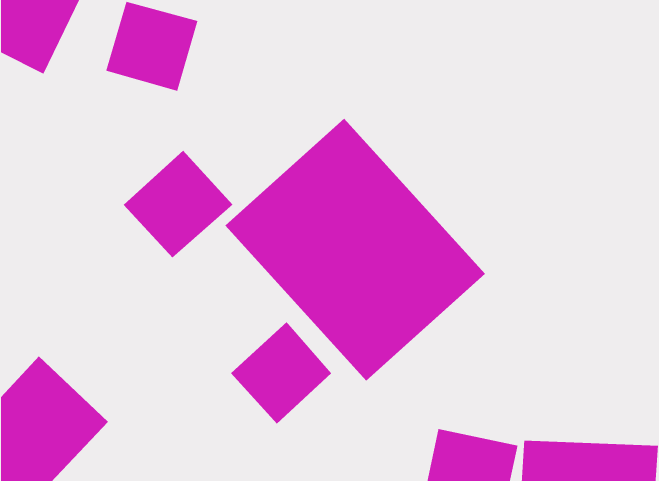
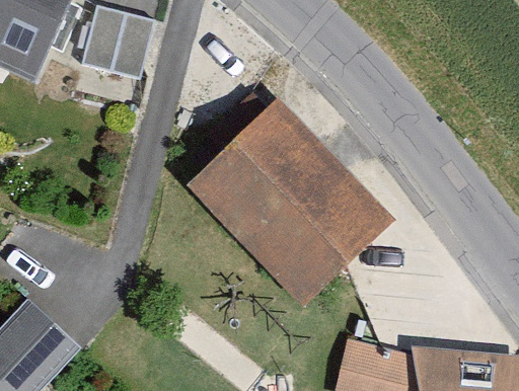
building: [123,150,234,258] -> none
building: [230,321,332,425] -> none

